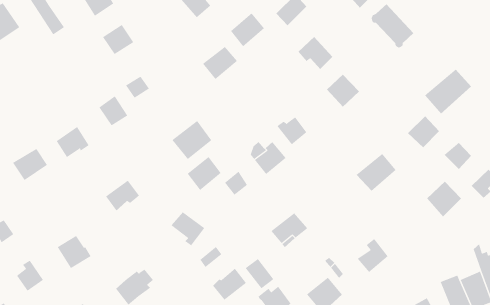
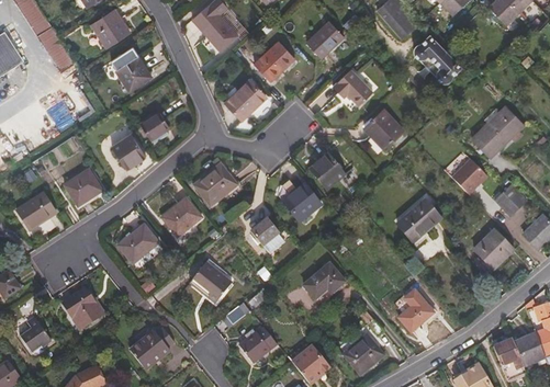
building: [187,156,222,191] -> [161,197,200,236]
building: [245,258,274,289] -> none

